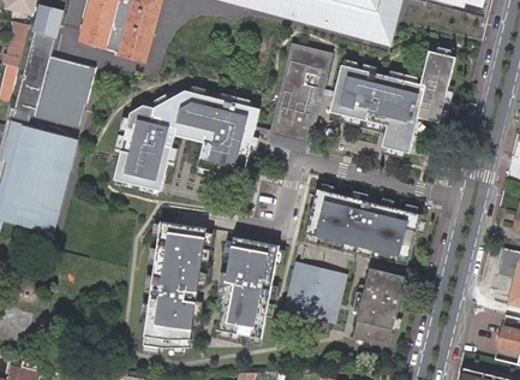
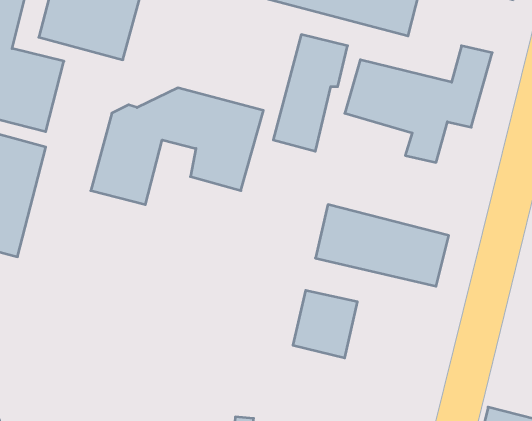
building: [145,221,208,348] -> none
building: [217,236,280,338] -> none
building: [352,269,406,348] -> none

